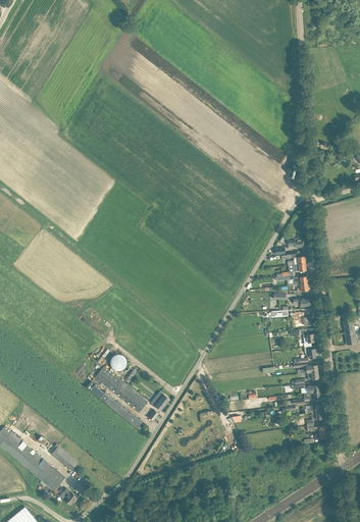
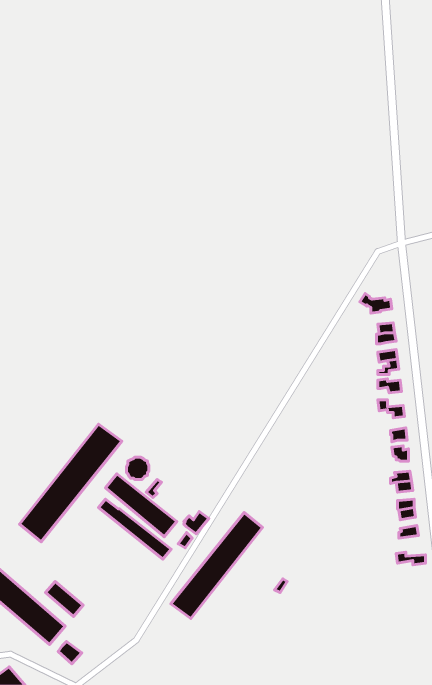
building: none -> [19,424,122,542]
building: none -> [171,513,263,618]

